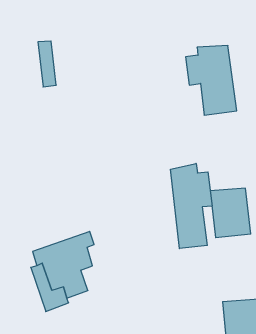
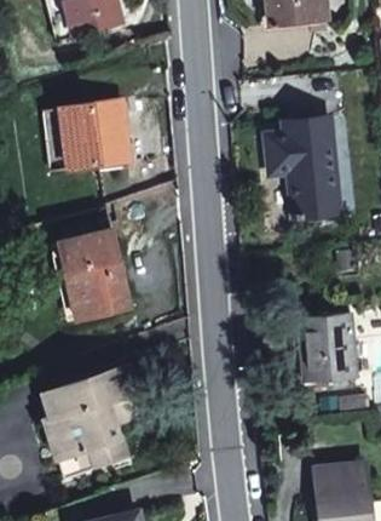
building: none -> [79,103,128,167]
building: none -> [62,230,129,319]
building: [171,163,212,249] -> none

